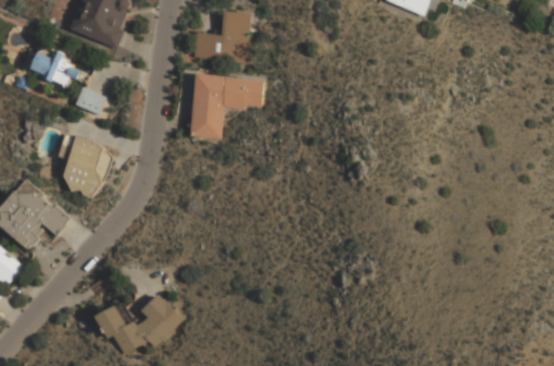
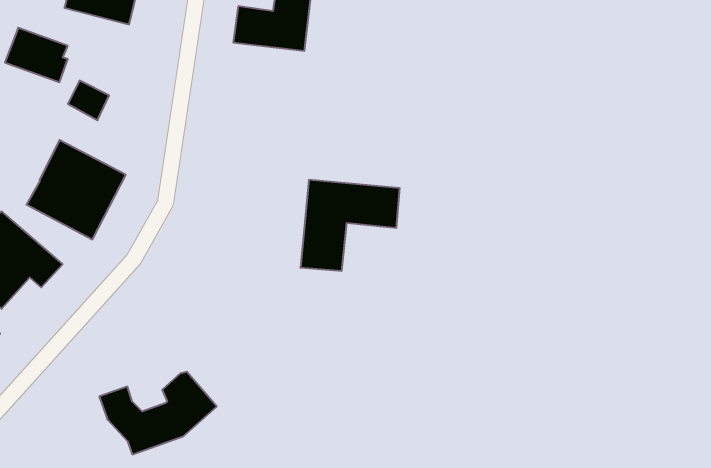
building: [191,74,263,139] -> [300,180,400,271]

